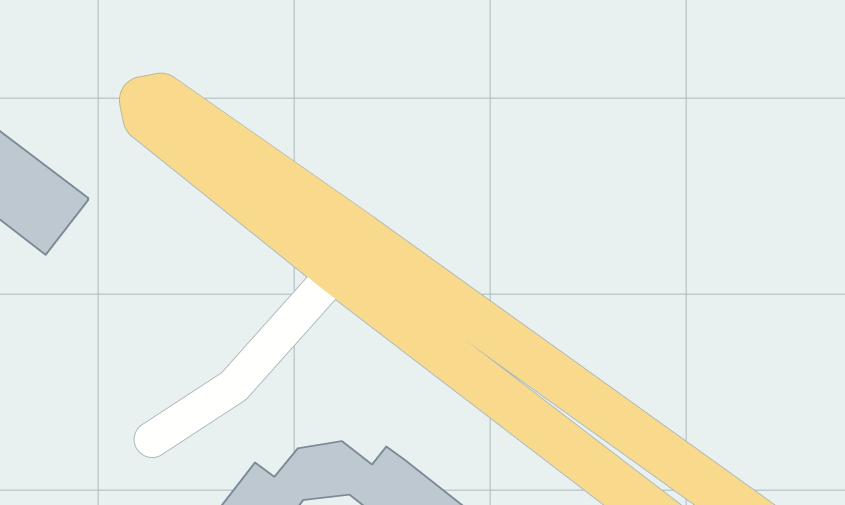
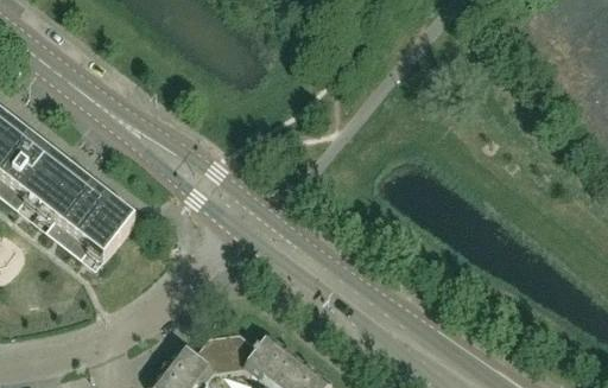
building: none -> [38,172,134,262]

